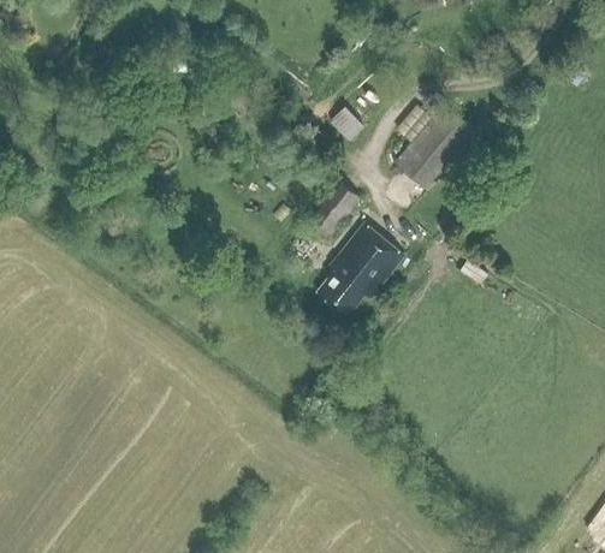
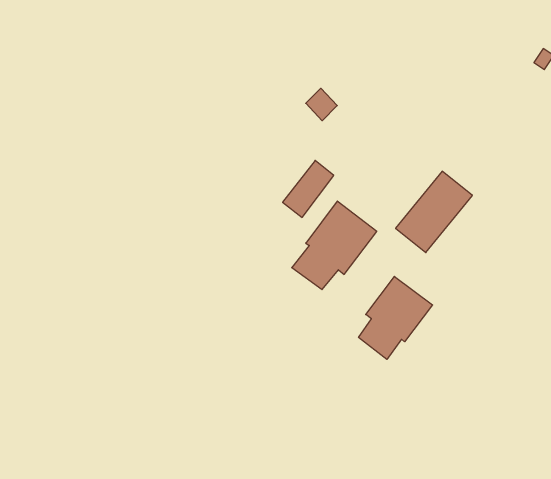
building: [396,105,475,189] -> [396,171,472,253]
building: none -> [359,276,433,359]

